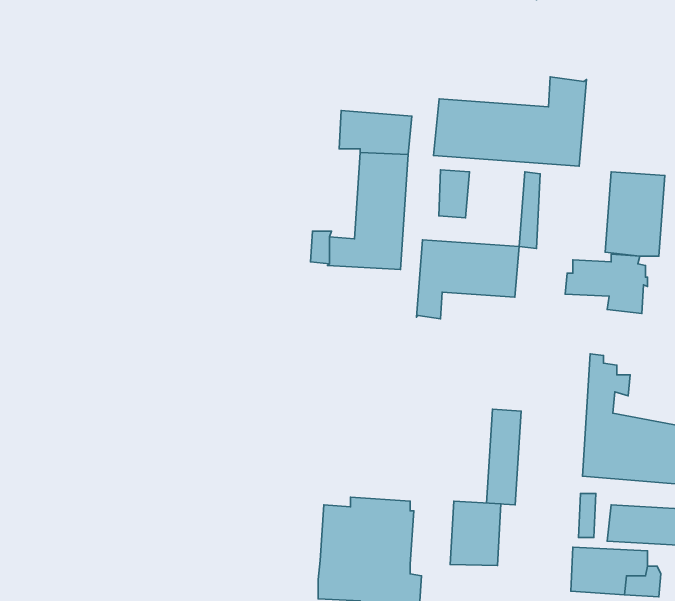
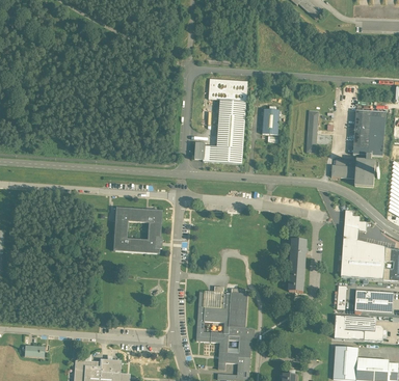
building: [434,77,587,166] -> none
building: [416,240,519,319] -> none
building: none -> [113,208,162,253]
building: [450,501,501,566] -> none

